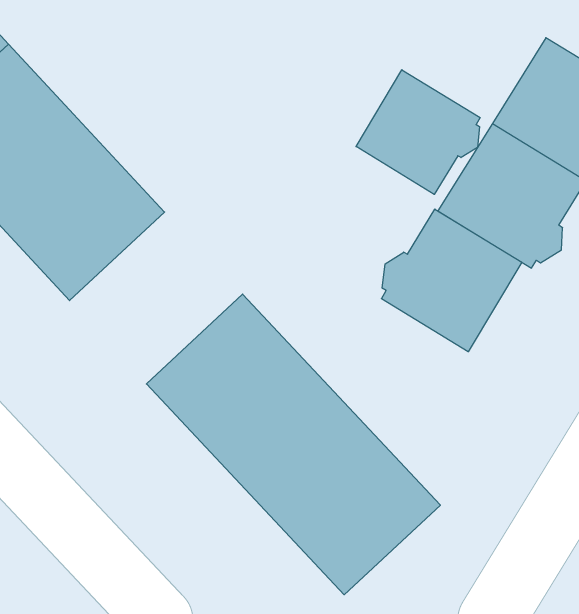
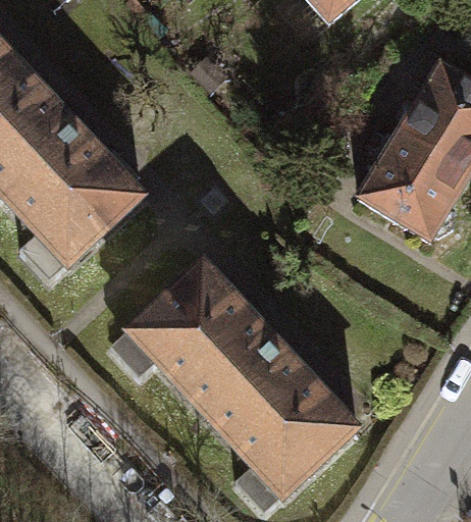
building: [356,70,480,194] -> none
building: [381,209,522,352] -> none

